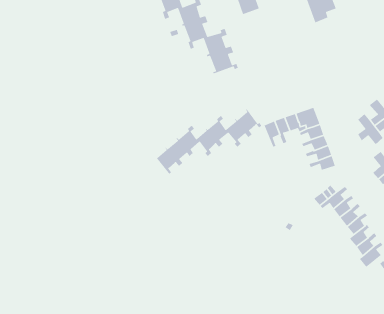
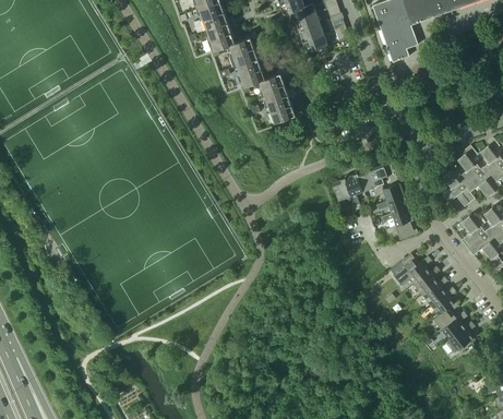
building: [155,108,262,175] -> none

